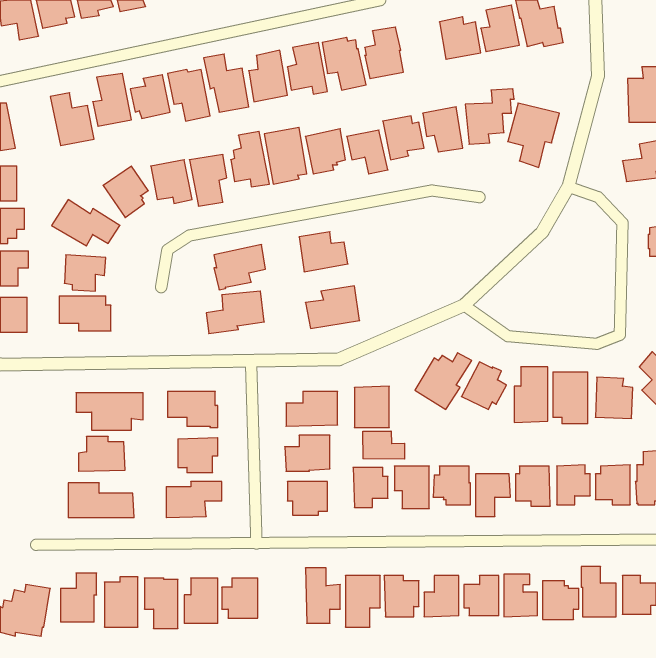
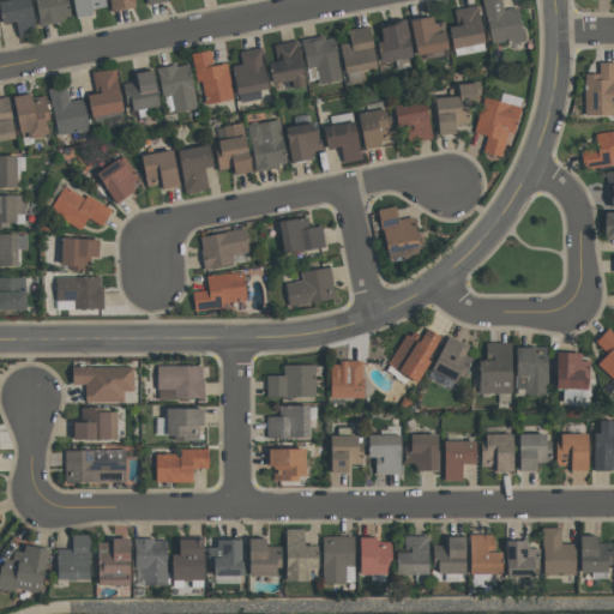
building: none -> [378,20,414,62]
building: none -> [14,94,52,139]
building: none -> [379,206,420,253]
building: [363,431,404,459] -> none
building: none -> [251,538,283,574]

